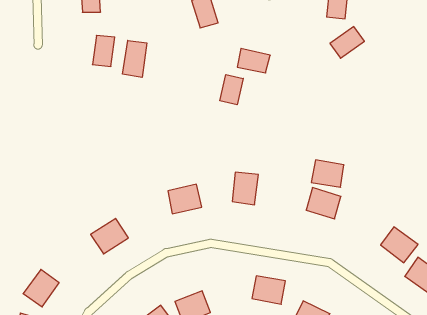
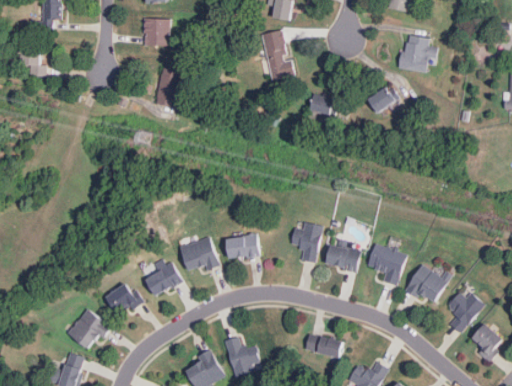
building: [330,27,364,58] -> [363,86,399,118]
building: [123,40,147,77] -> none
building: [220,75,243,105] -> none
building: [311,160,344,187] -> [325,244,360,274]
building: none -> [180,239,217,271]
building: none -> [407,265,446,301]
building: none -> [103,279,142,316]

